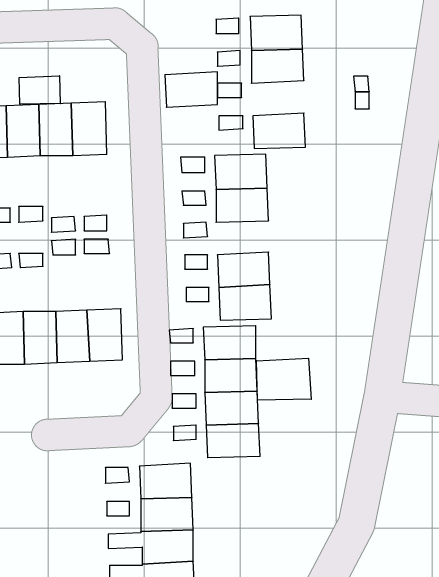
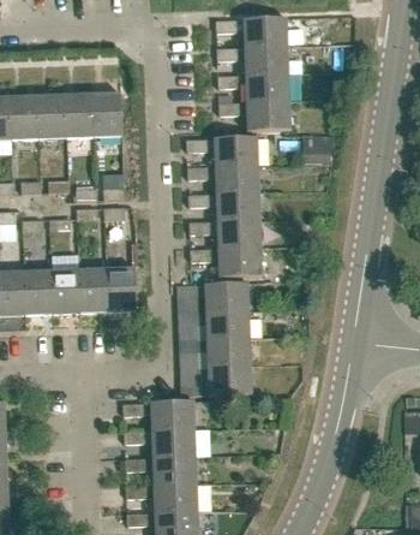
building: [165,72,217,107] -> [245,73,289,103]
building: [19,76,60,104] -> none
building: none -> [215,192,259,221]
building: [257,358,311,400] -> none

